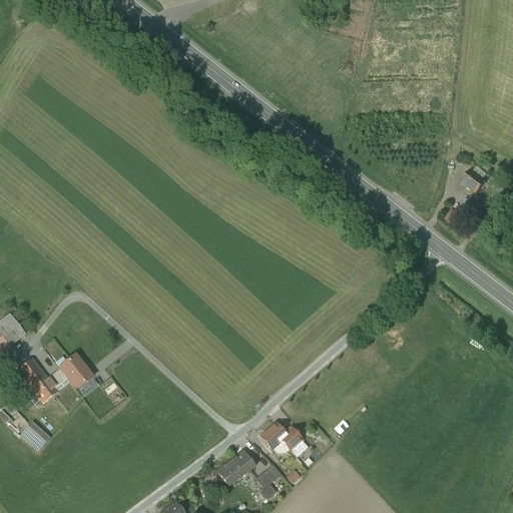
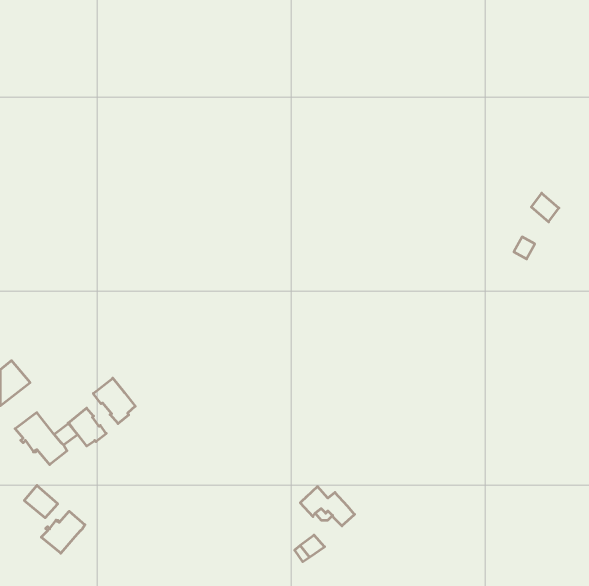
building: none -> [93,378,135,424]
building: none -> [41,511,85,553]
building: [217,450,255,485] -> none

